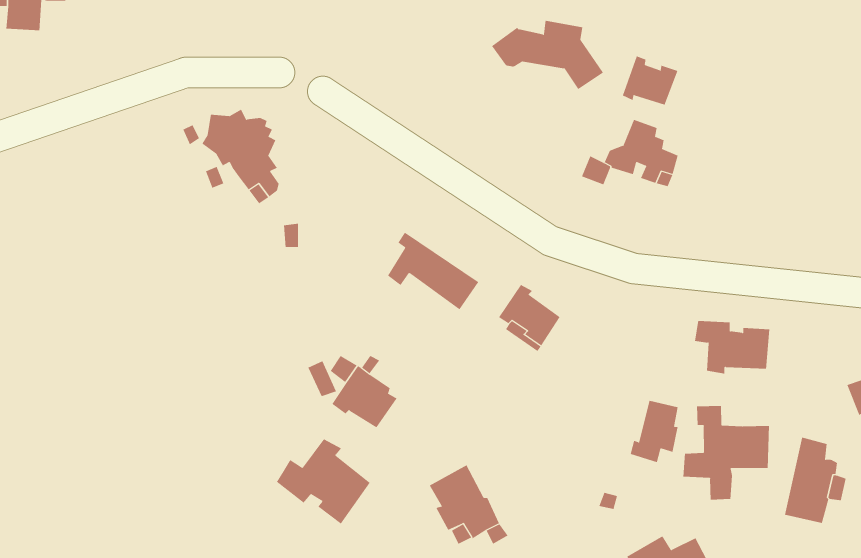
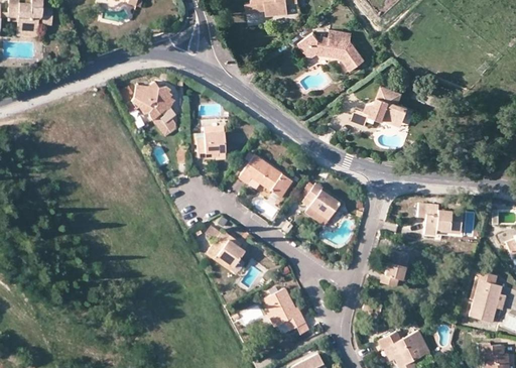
building: [622,56,678,106] -> none
building: none -> [192,126,225,158]
building: [683,405,769,500] -> none
building: [276,438,371,524] -> none

